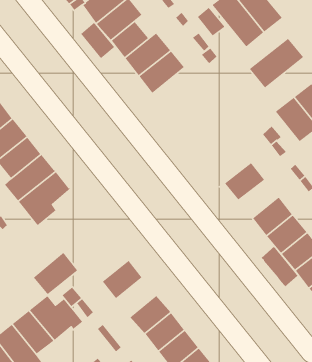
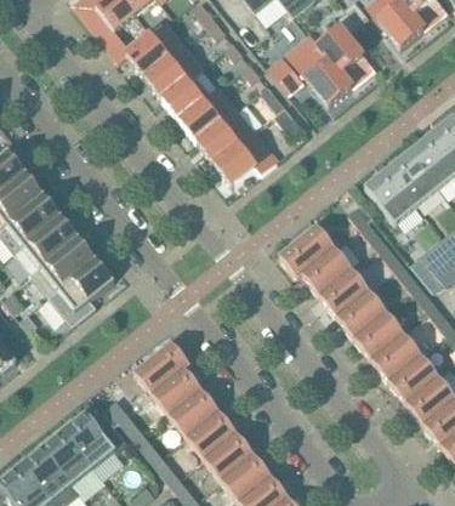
building: [80,22,115,59] -> none
building: [249,38,304,88] -> none
building: none -> [214,131,278,186]
building: none -> [279,224,335,278]
building: none -> [319,269,369,317]
building: [261,246,299,288] -> none
building: [33,252,78,295] -> [133,341,189,394]
building: none -> [169,390,218,438]

